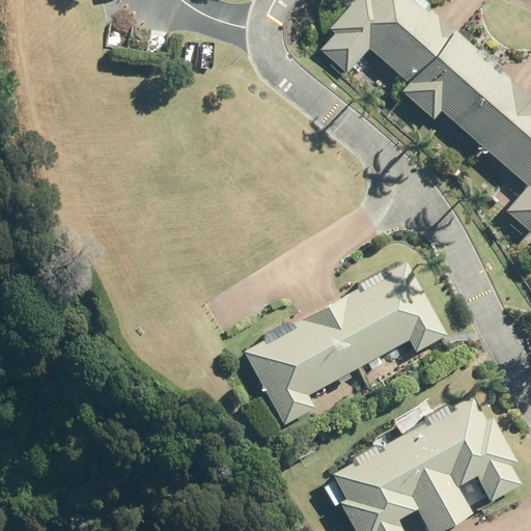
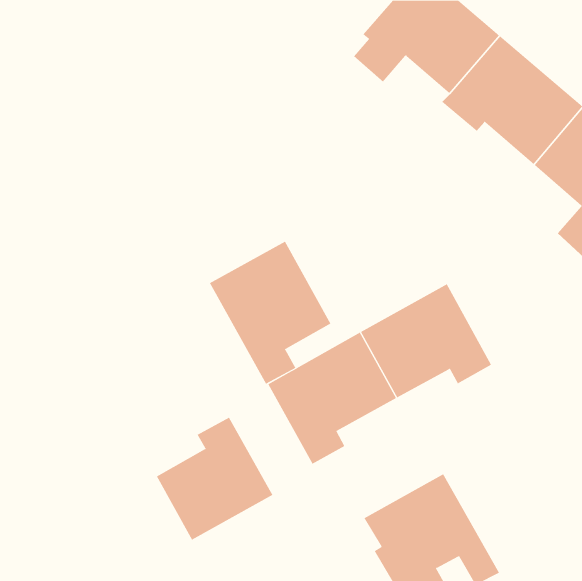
building: none -> [209,241,331,384]
building: none -> [156,417,273,540]
building: [404,394,524,523] -> none

